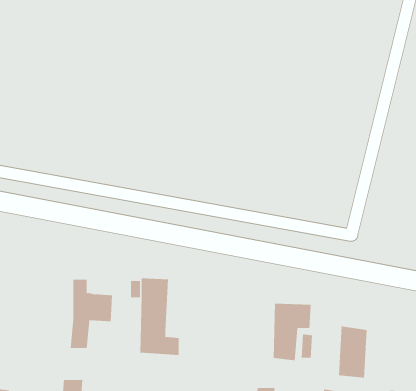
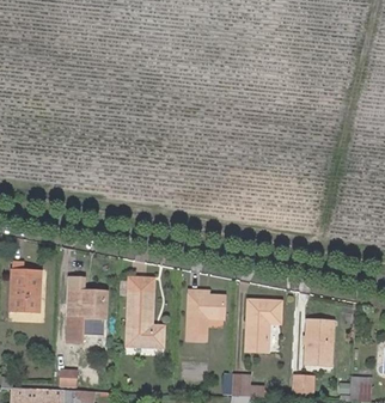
building: none -> [10,262,38,311]
building: none -> [187,288,224,340]

